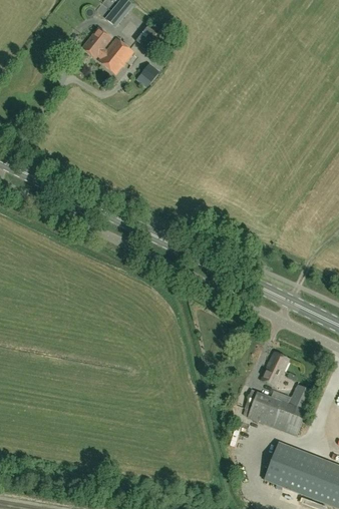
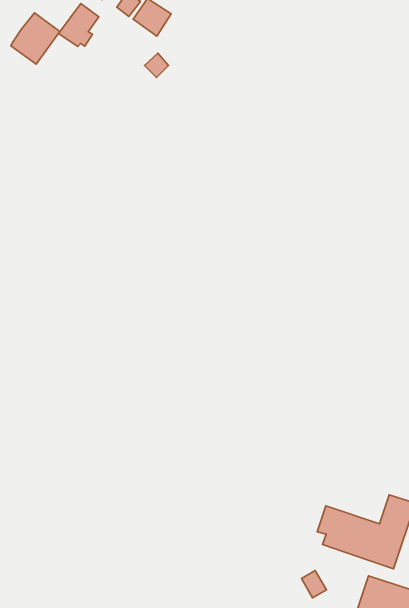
building: [98,38,133,74] -> [11,13,60,64]
building: [260,351,289,387] -> none

